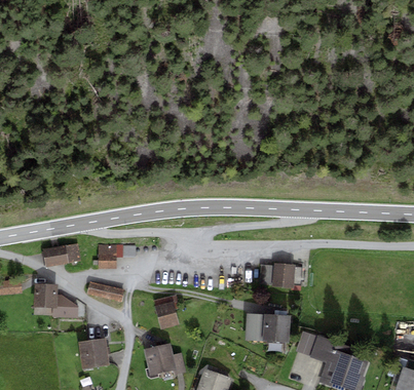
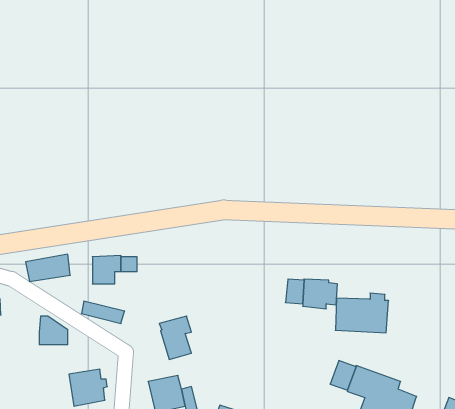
building: [33,283,54,308] -> none
building: [244,310,289,343] -> [335,293,389,333]

